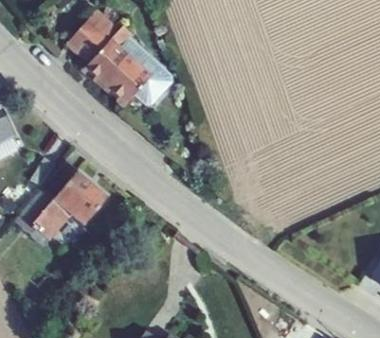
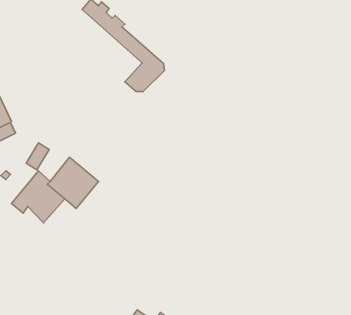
building: [66,20,150,106] -> none

